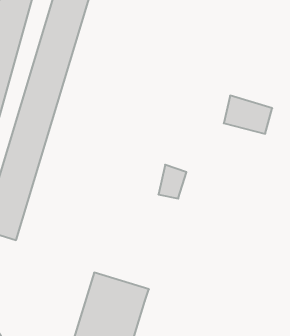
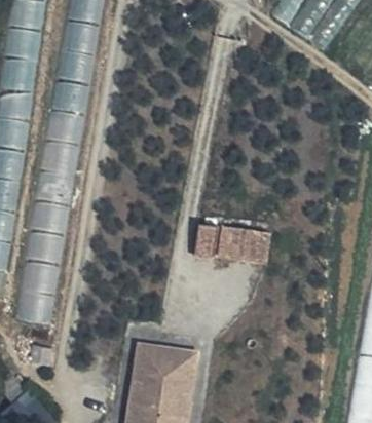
building: [224,96,272,134] -> [218,228,264,261]

